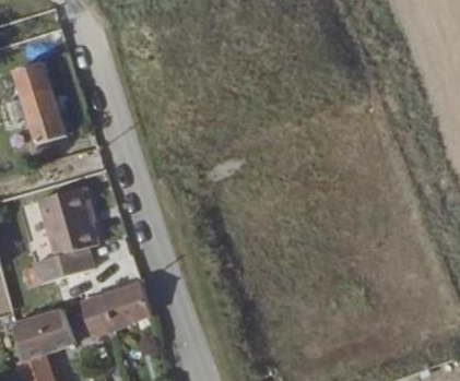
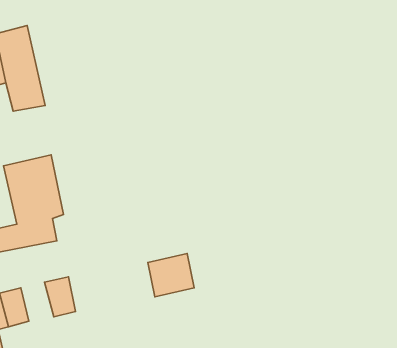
building: [106,285,151,328] -> [148,254,194,297]

